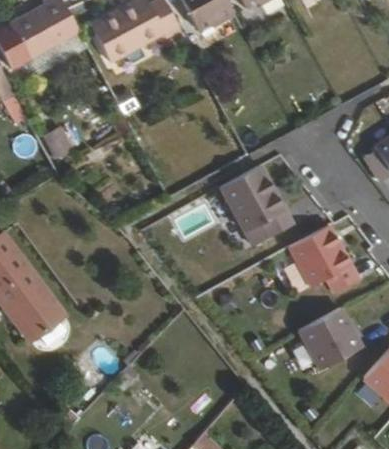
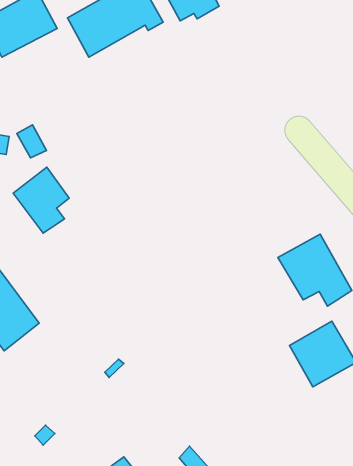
building: none -> [13,167,69,233]
building: [219,169,292,240] -> none

